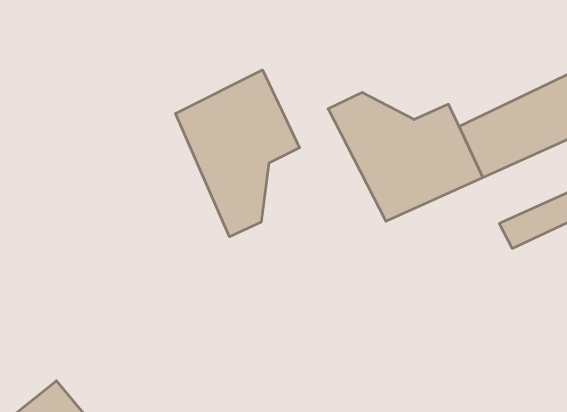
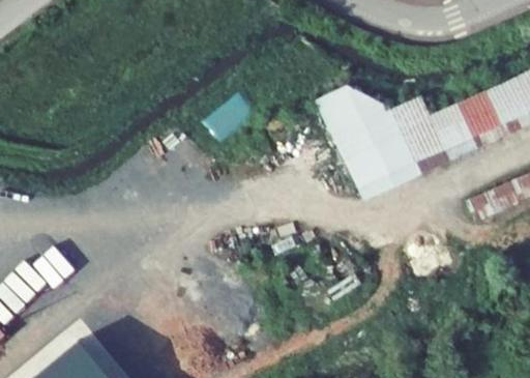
building: [176,70,300,237] -> none

